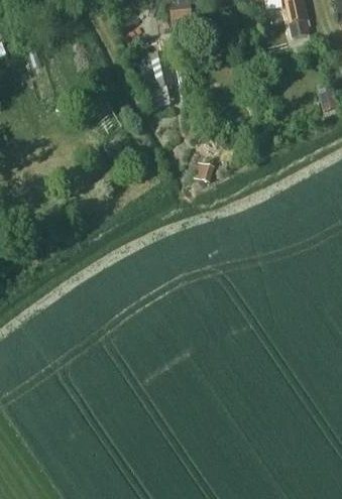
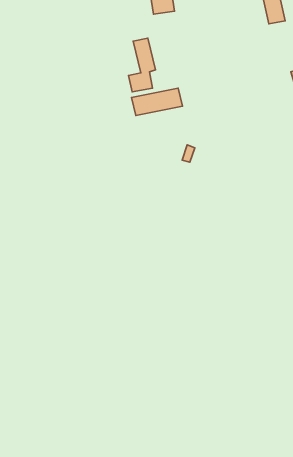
building: none -> [131,88,183,116]

